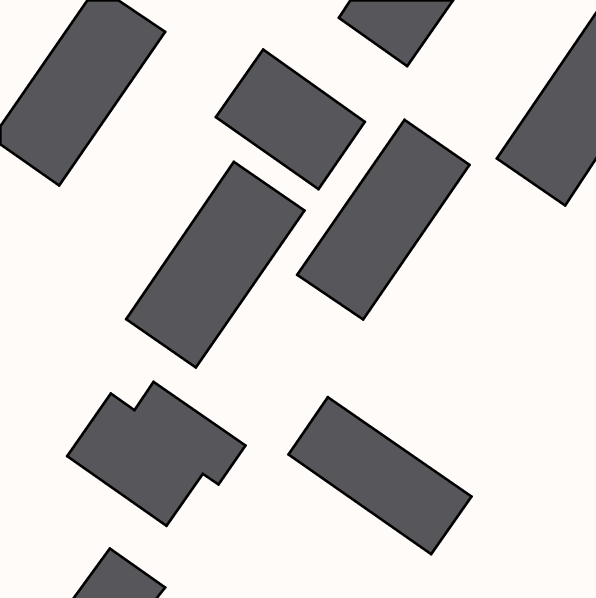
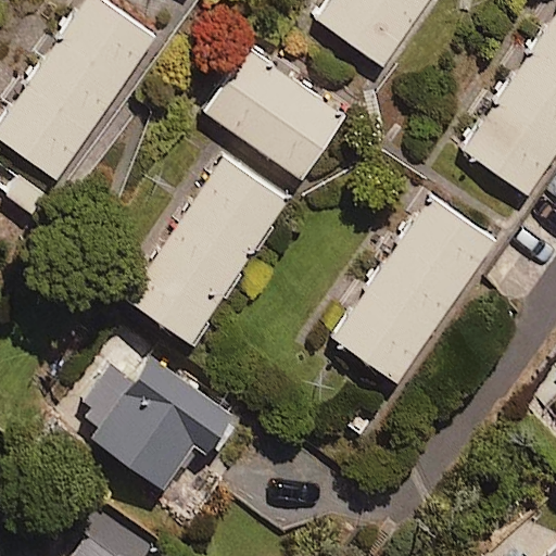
building: [297,120,469,320] -> [334,198,493,381]
building: [289,397,472,554] -> none

